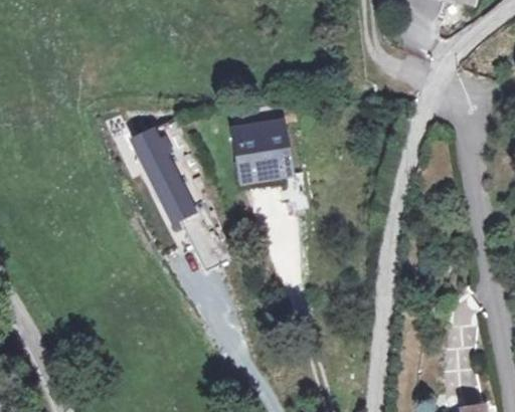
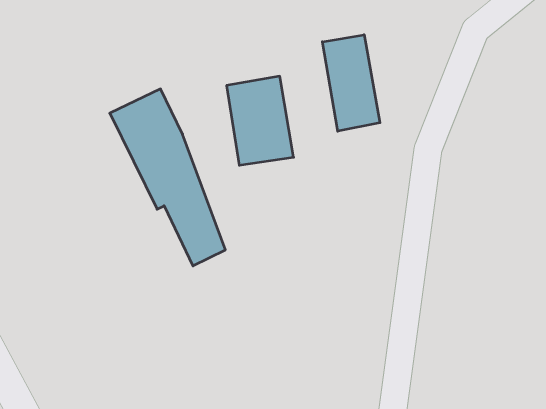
building: none -> [322,35,380,131]

